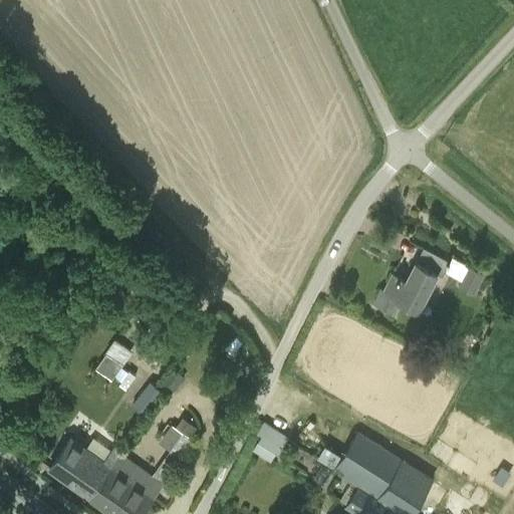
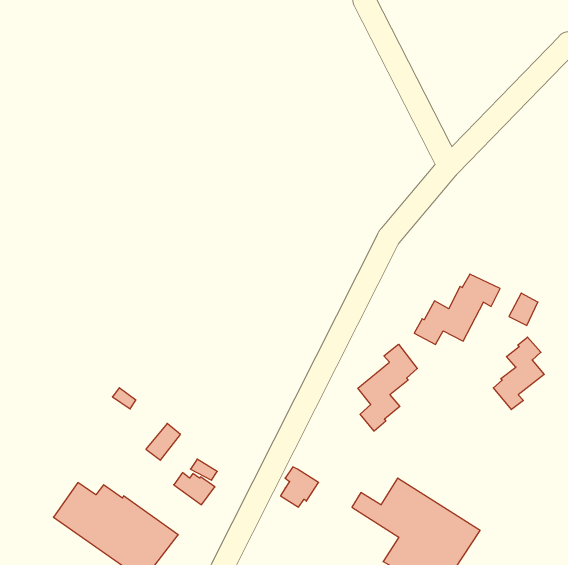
building: none -> [493,337,544,410]
building: none -> [358,344,417,431]

